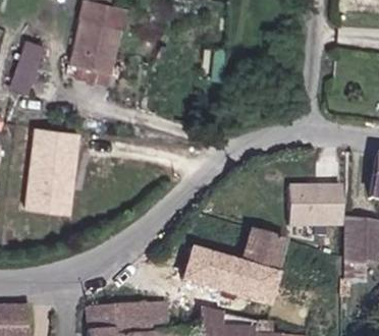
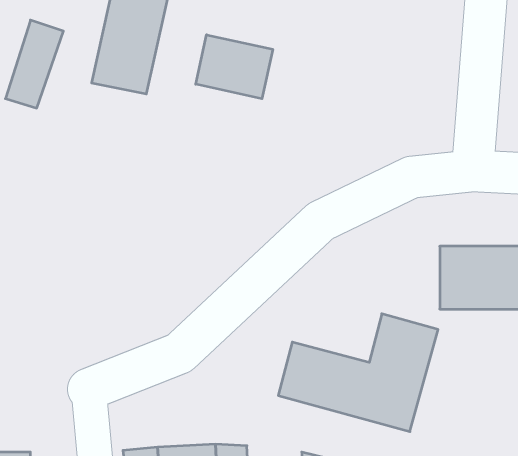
building: none -> [196,35,273,99]
building: [26,128,79,217] -> none

